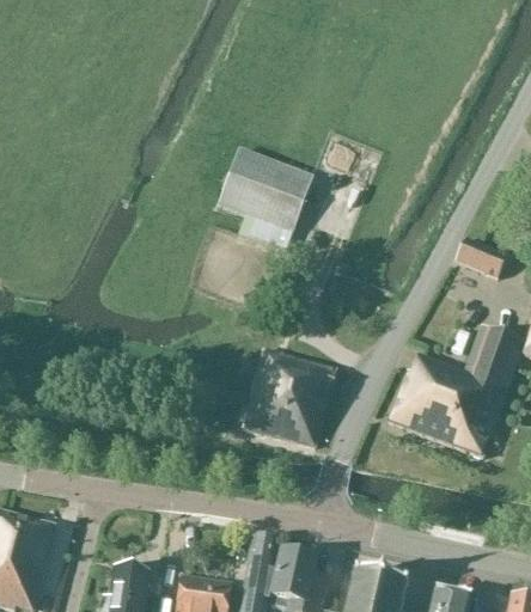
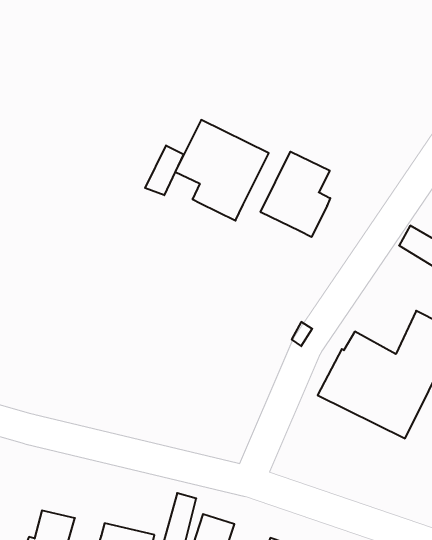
building: none -> [261,152,330,237]
building: none -> [145,145,184,195]
building: [242,350,336,449] -> none

